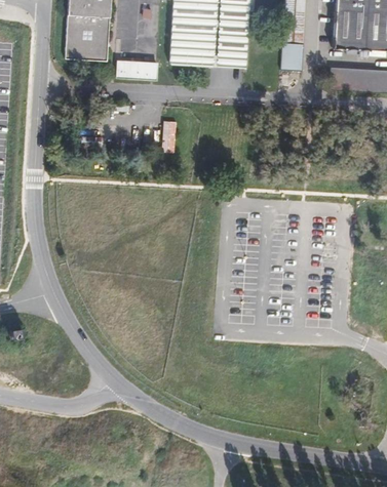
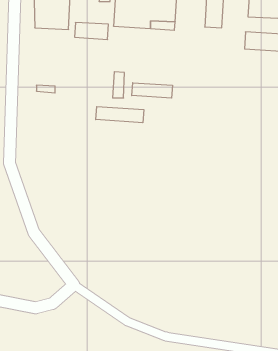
building: none -> [132,83,172,98]
building: none -> [96,107,144,123]

